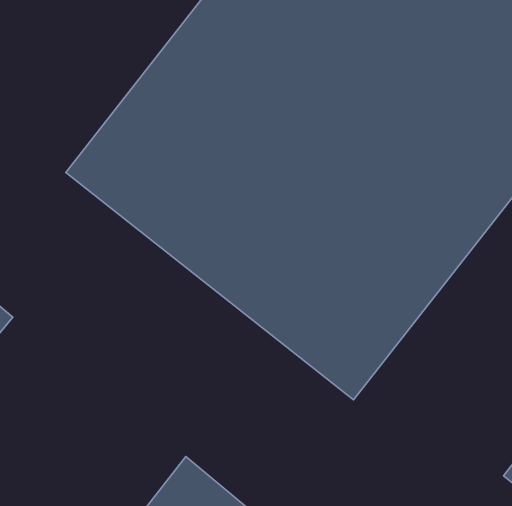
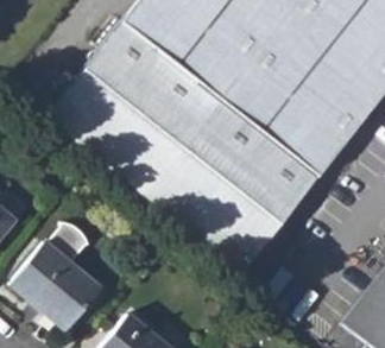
building: none -> [10,220,96,328]

